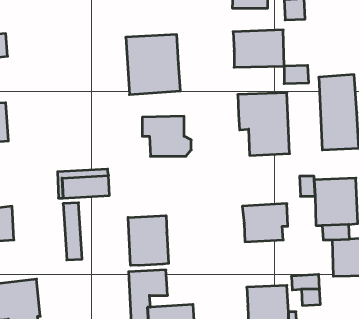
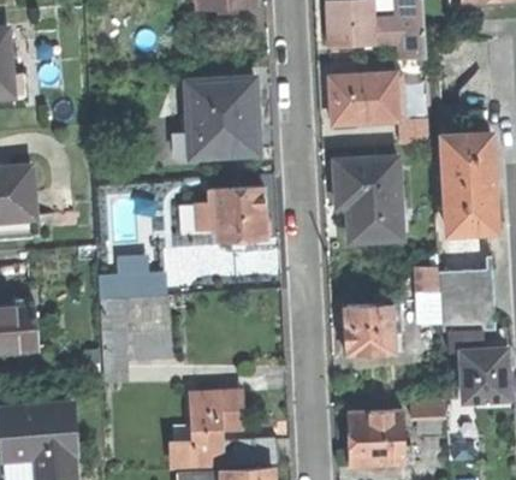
building: [128,216,169,265] -> none

